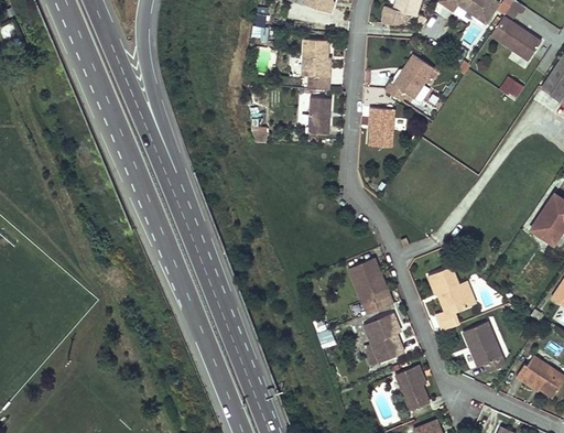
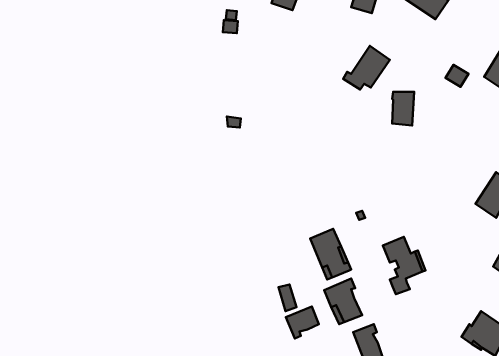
building: [489,17,540,61] -> none
building: [302,40,330,90] -> none
building: [308,98,330,136] -> none
building: [369,109,393,147] -> [392,92,414,126]
building: [464,321,505,372] -> none
building: none -> [286,306,319,339]

